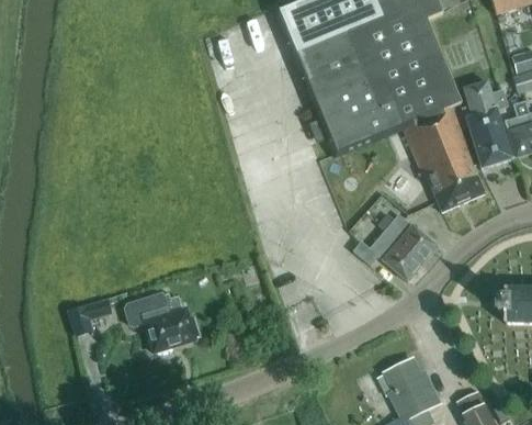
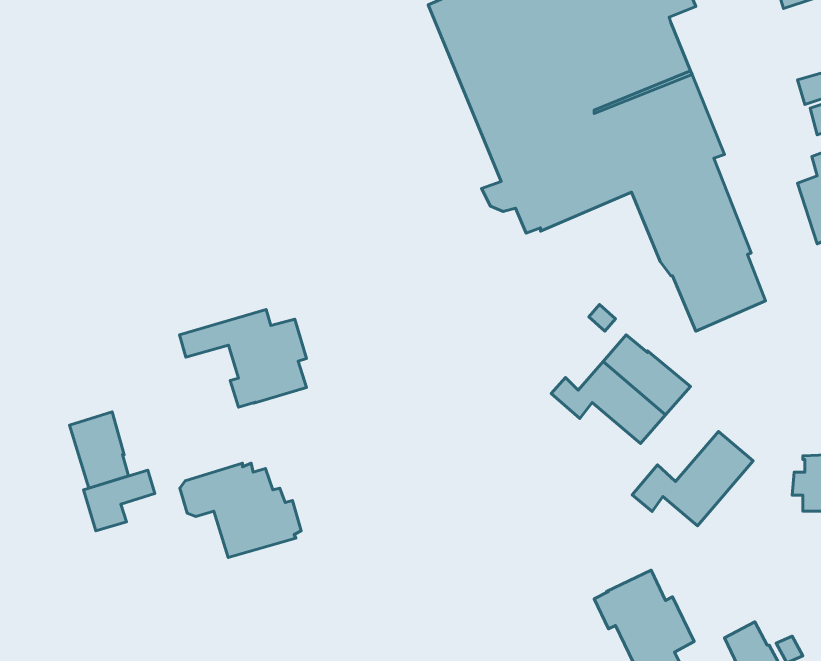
building: [459,80,512,167] -> none
building: none -> [180,310,307,407]
building: none -> [70,412,129,488]
building: none -> [632,432,753,526]

